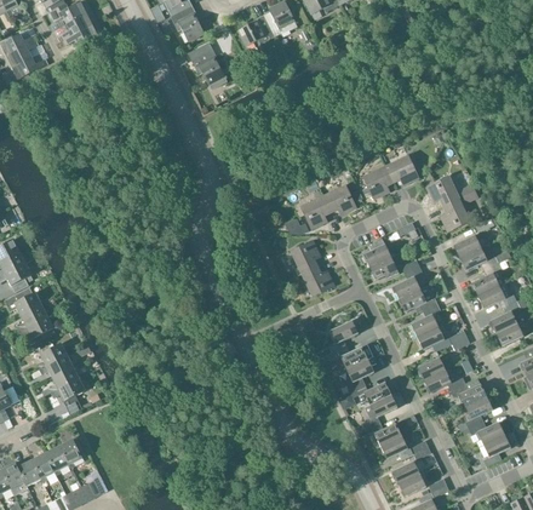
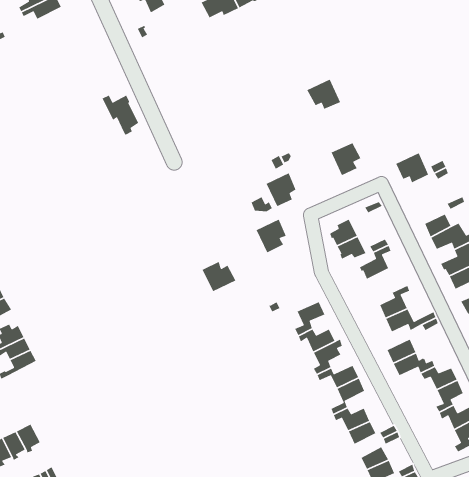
building: [188,48,224,88] -> [102,94,139,136]
building: [385,155,419,185] -> [306,79,341,110]
building: [323,184,356,216] -> none
building: [440,197,470,231] -> none
building: [302,265,336,296] -> [202,261,237,292]
building: [399,286,439,311] -> none
building: [51,378,85,414] -> none

